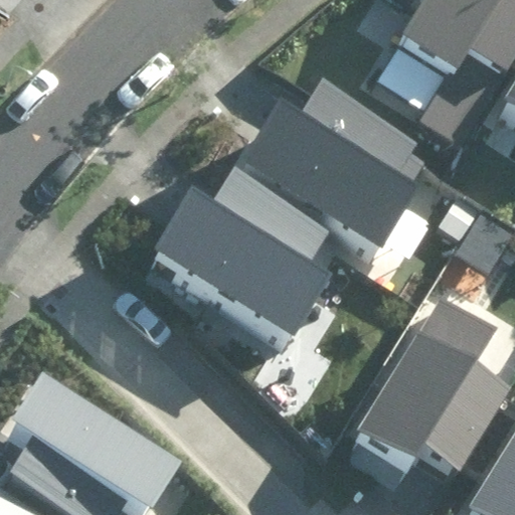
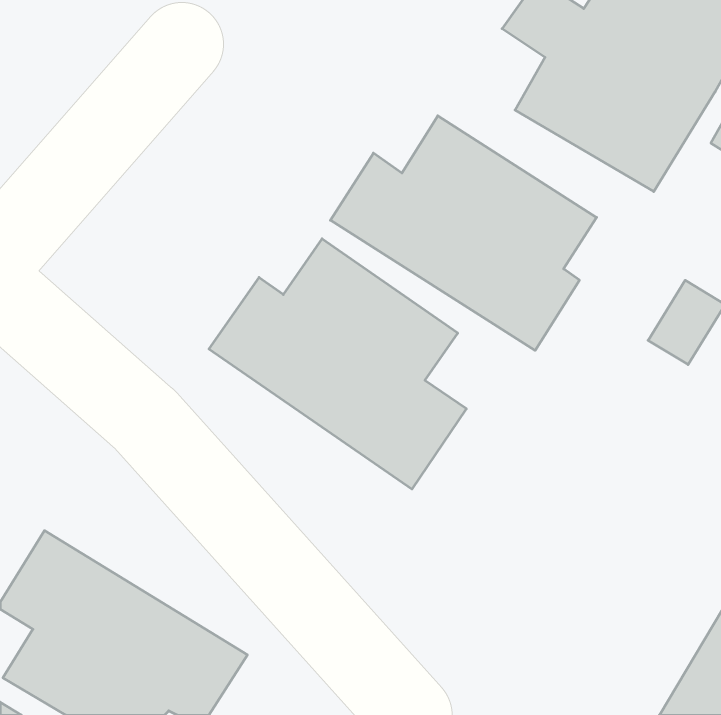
building: [357,286,510,468] -> none

